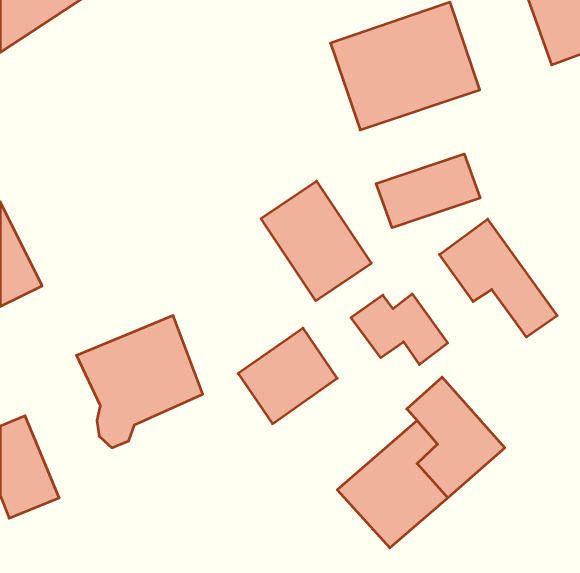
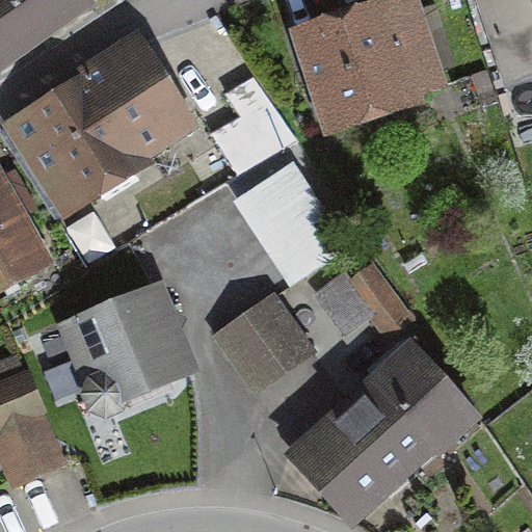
building: none -> [9,43,187,205]
building: [376,154,480,228] -> none
building: [439,219,557,337] -> none

